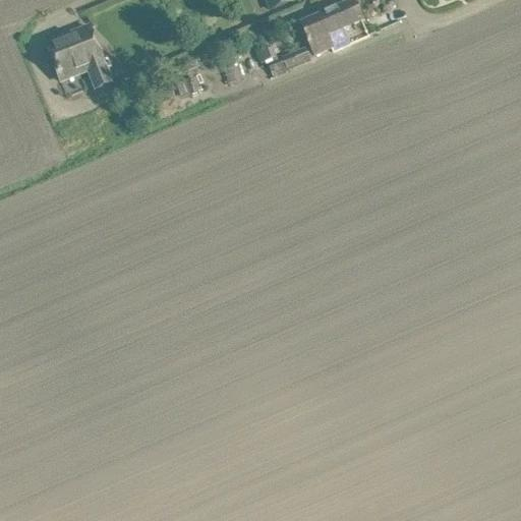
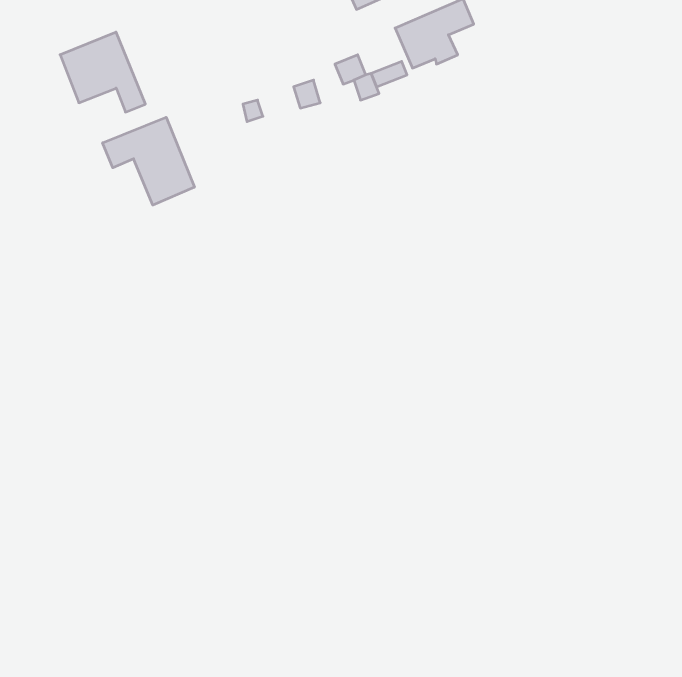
building: none -> [103,117,194,205]

